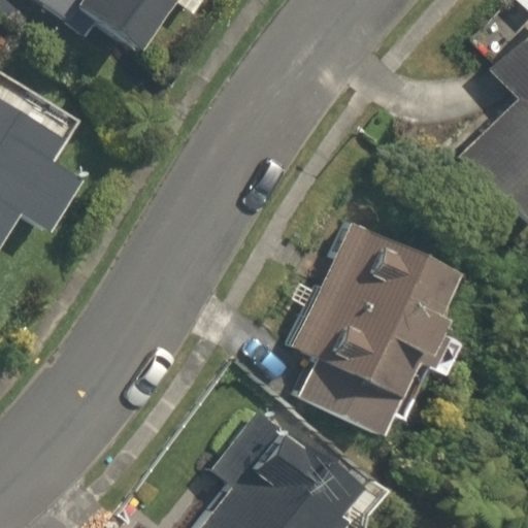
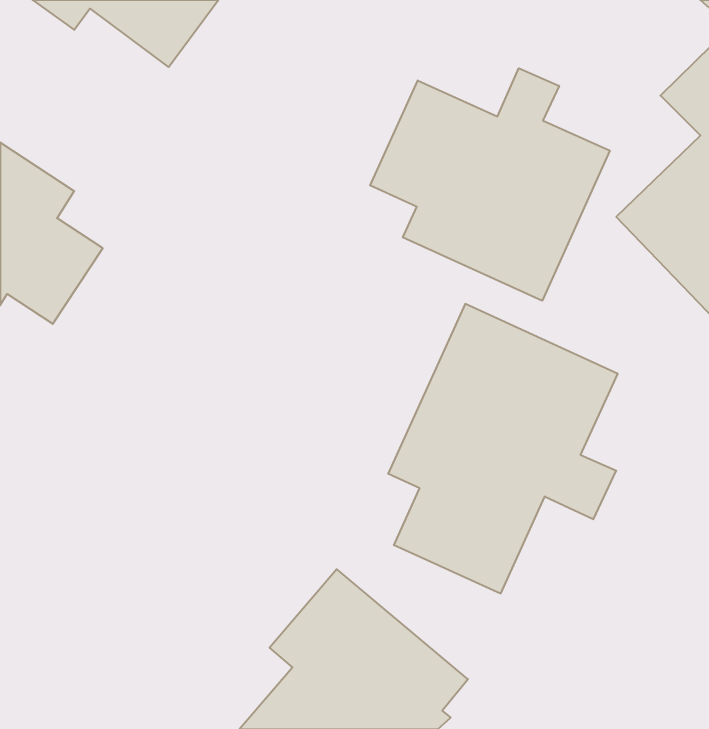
building: none -> [370,68,610,301]

